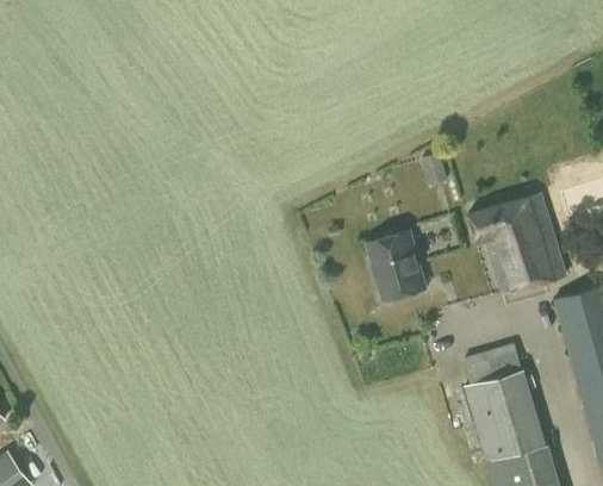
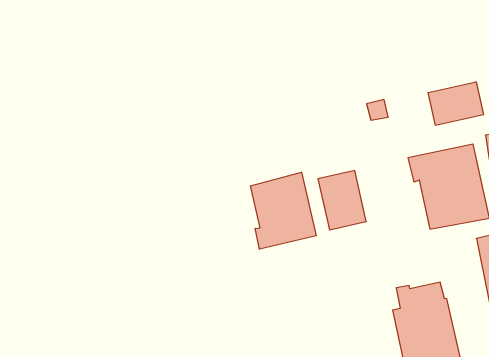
building: none -> [428,82,484,125]
building: none -> [250,172,316,249]

